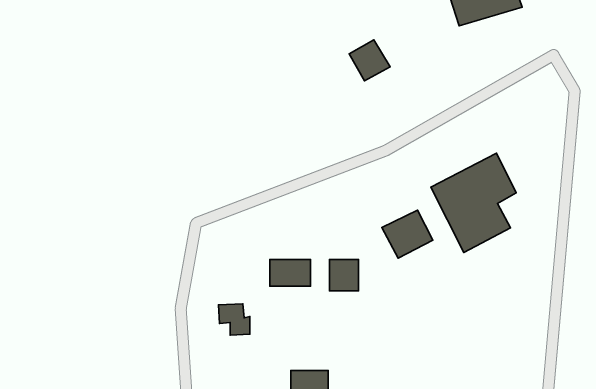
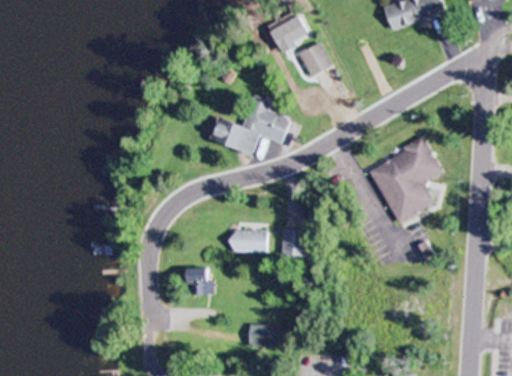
building: none -> [272,15,310,49]
building: none -> [209,94,290,154]
building: [382,210,433,258] -> none

